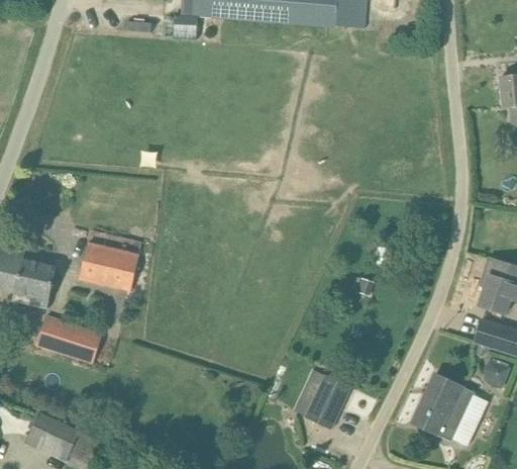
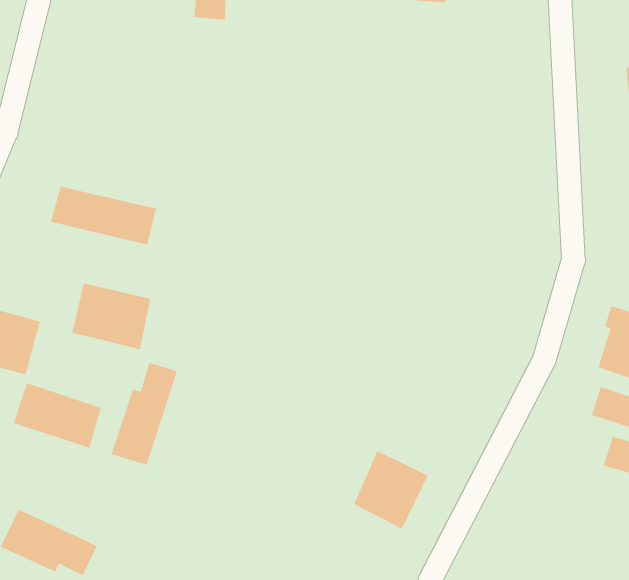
building: none -> [50,186,157,246]
building: none -> [110,362,178,466]
building: [412,373,488,445] -> none

